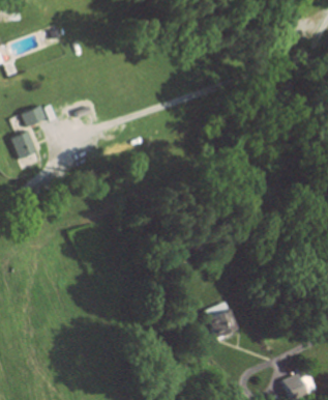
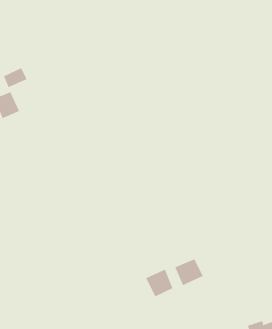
building: none -> [146,269,173,297]

